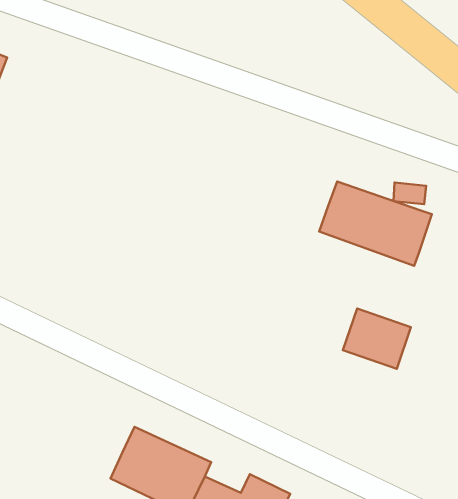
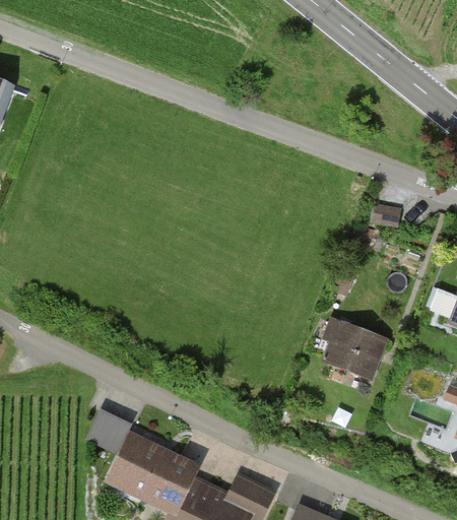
building: [319,181,432,266] -> none
building: none -> [86,407,134,454]

